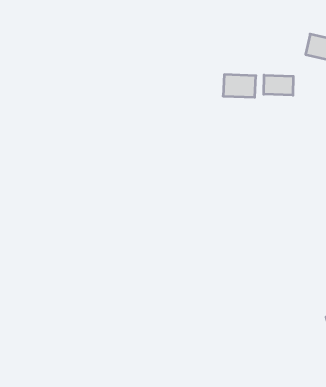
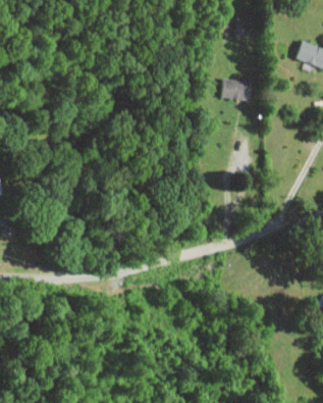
building: [264,75,293,95] -> none

